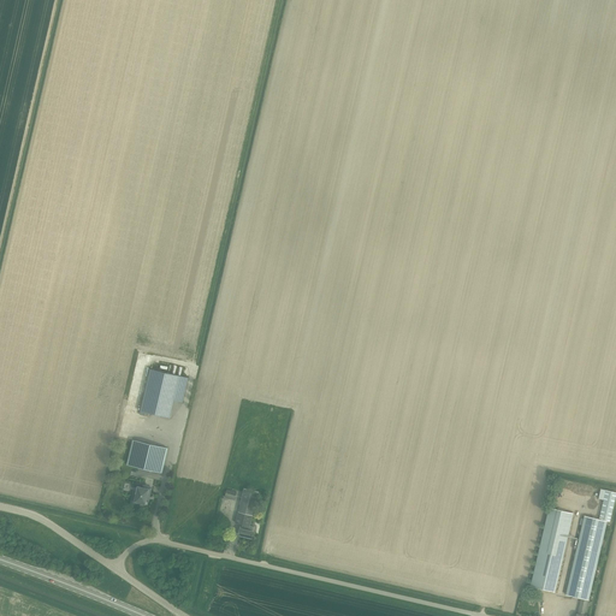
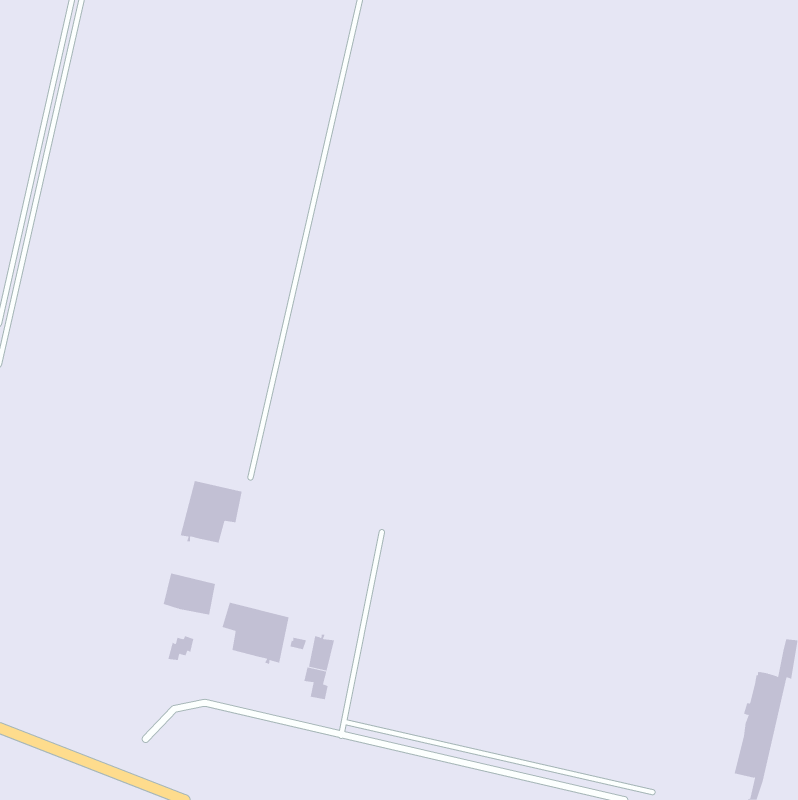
building: none -> [222,602,289,665]
building: [529,508,571,592] -> none

